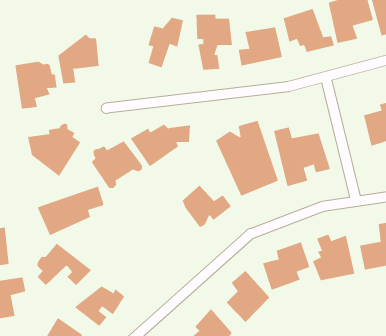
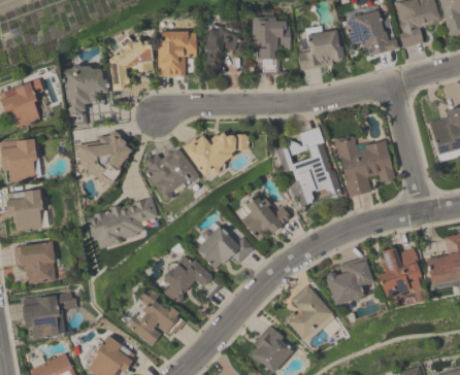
building: none -> [158,32,196,76]
building: none -> [195,227,255,269]
building: [37,243,92,286] -> [165,255,223,301]

